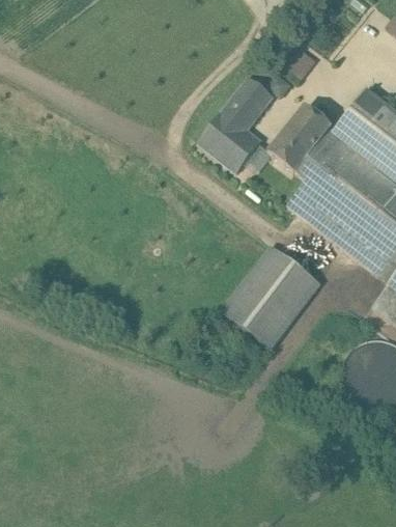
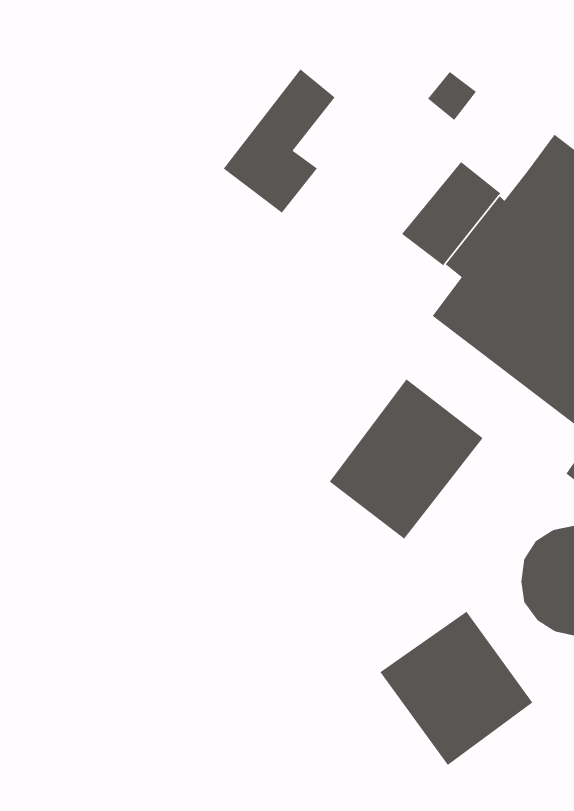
building: [199,78,272,171] -> [223,69,335,213]
building: none -> [379,611,533,766]

